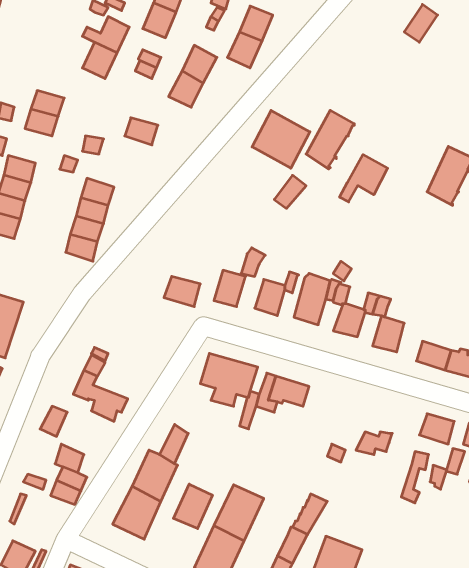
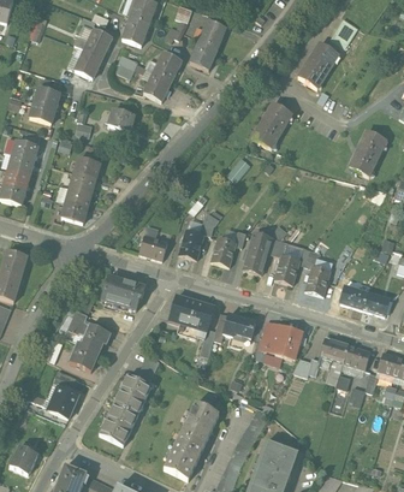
building: none -> [297,43,339,89]
building: [252,110,310,168] -> none
building: [340,155,388,202] -> none
building: none -> [101,275,145,309]
building: none -> [259,321,299,360]
building: none -> [321,337,349,384]
building: none -> [69,340,100,369]
building: [173,484,212,529] -> none

